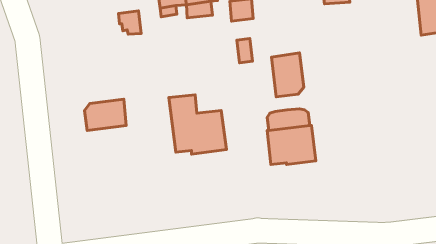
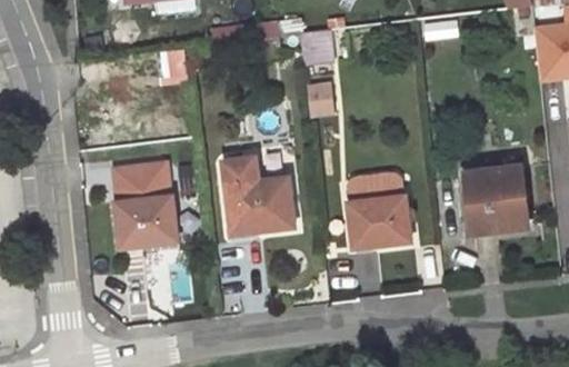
building: [271,53,304,97] -> none
building: none -> [465,166,527,234]
building: none -> [116,196,177,246]

